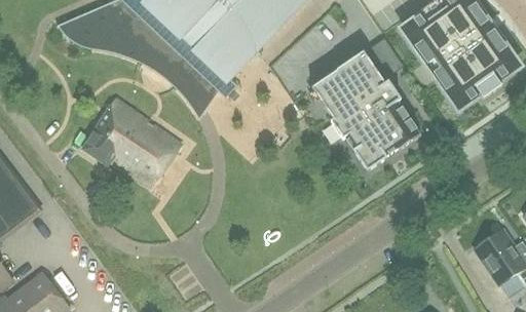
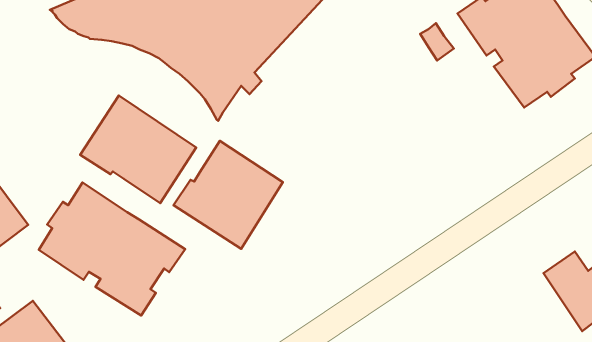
building: [312,49,421,169] -> none
building: none -> [174,141,283,249]
building: none -> [39,182,185,316]

